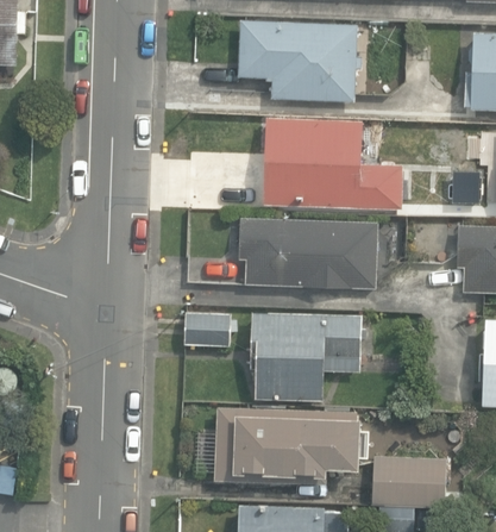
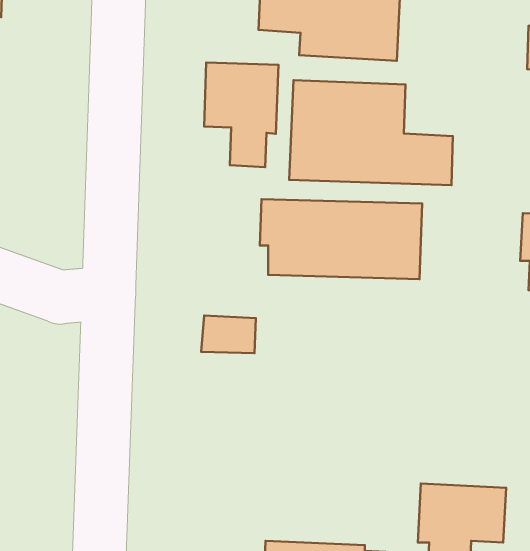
building: none -> [204,62,278,167]
building: [253,318,364,403] -> none
building: [218,411,362,488] -> none

